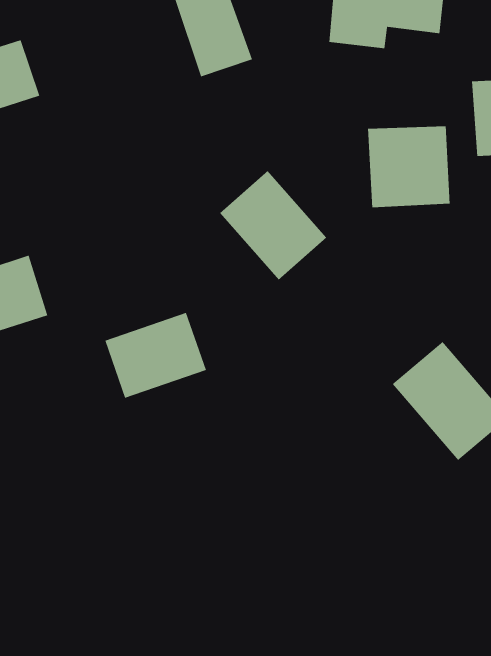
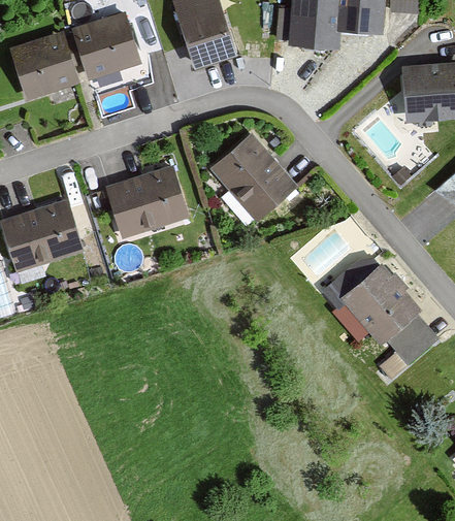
building: none -> [76,17,136,74]
building: [368,126,450,208] -> none
building: [104,312,207,398] -> [102,168,181,234]

